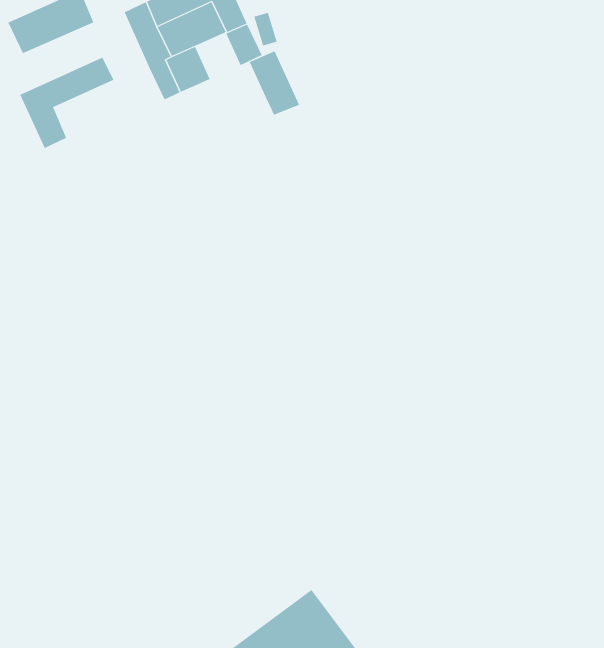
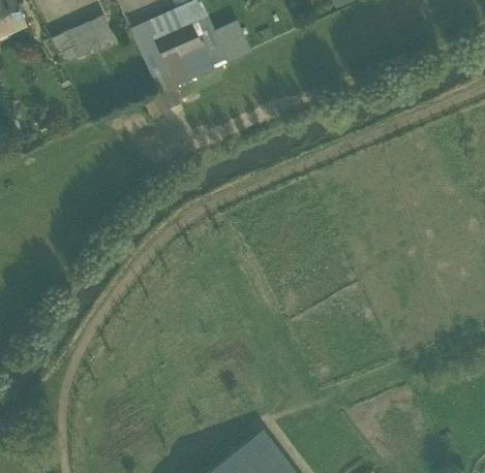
building: [248,50,300,116] -> none
building: [20,57,114,149] -> none

